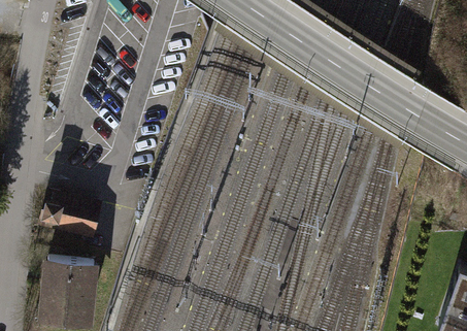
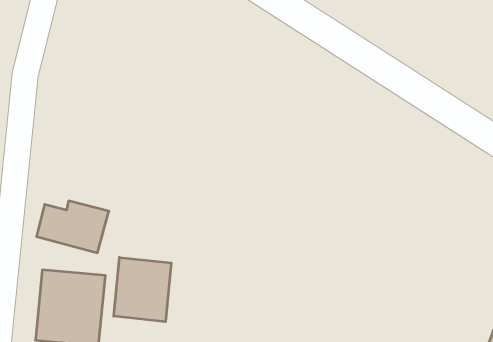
building: none -> [114,257,171,322]

